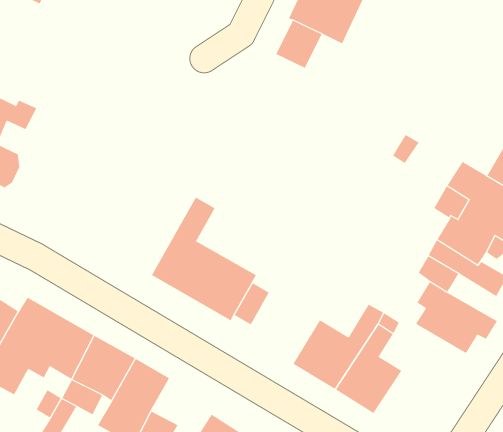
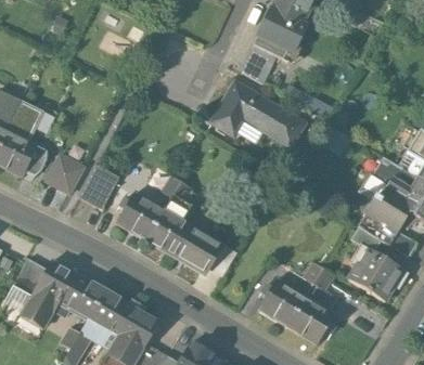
building: none -> [208,77,309,149]
building: none -> [44,153,87,196]
building: none -> [80,166,119,209]
building: none -> [114,168,181,240]

